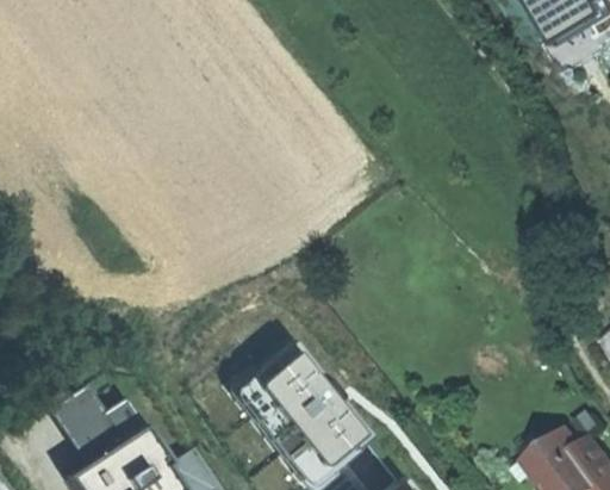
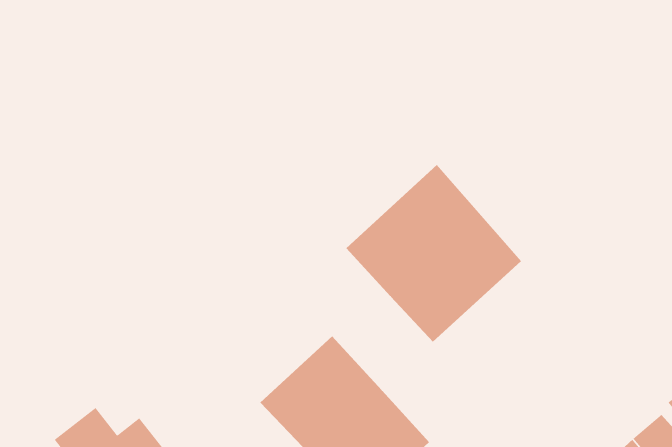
building: none -> [345,164,522,342]

